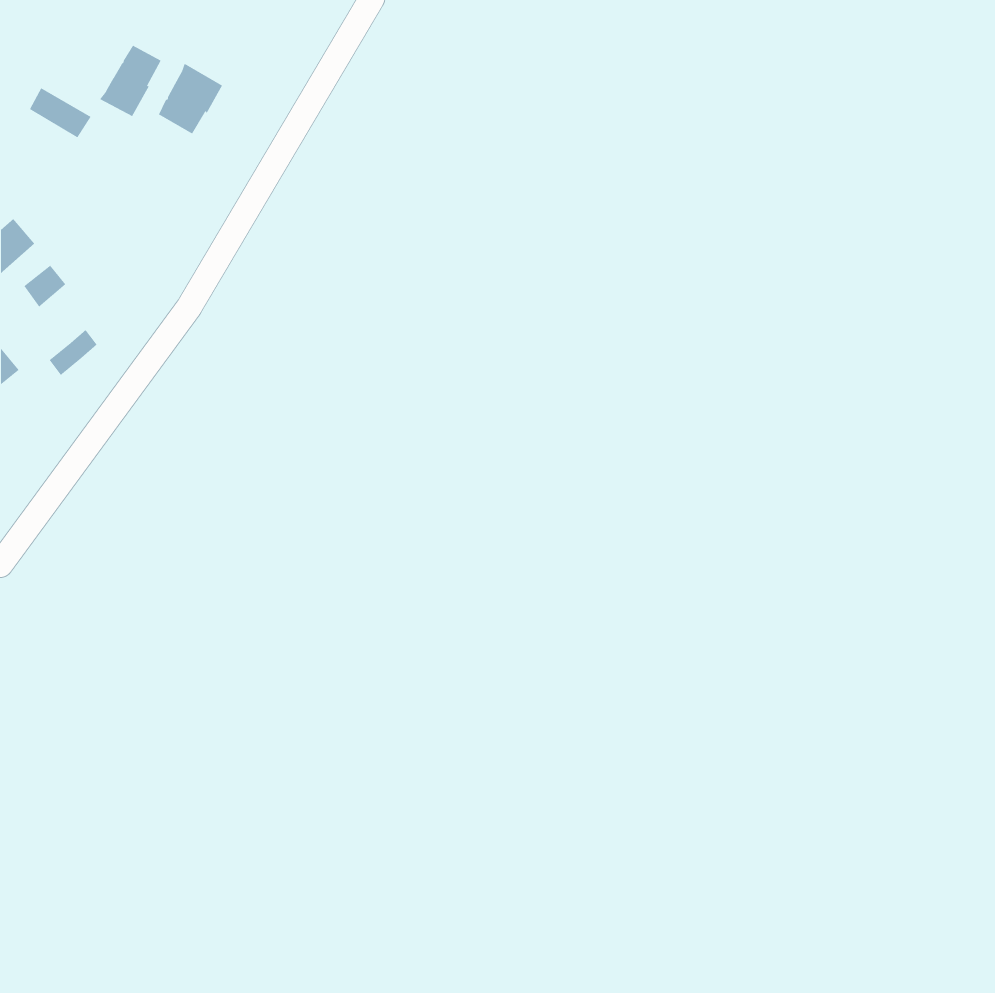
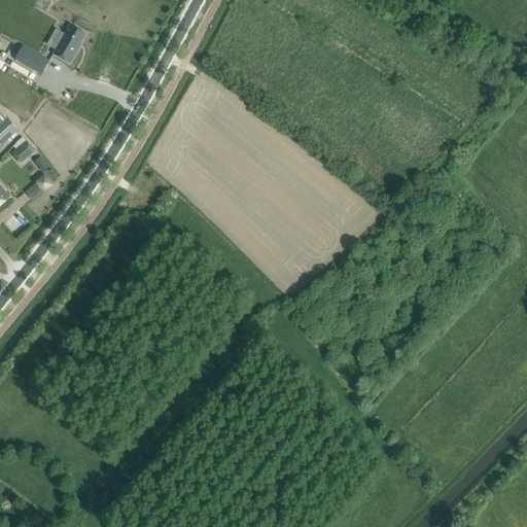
building: [158,63,223,135] -> none

